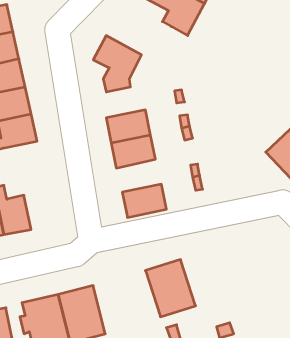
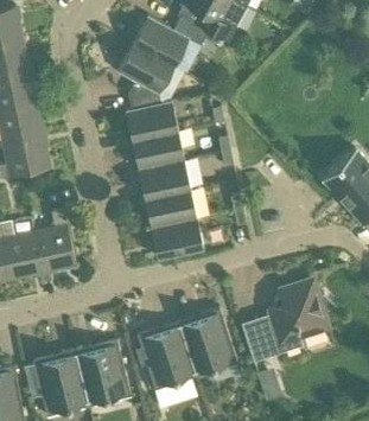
building: none -> [131,17,208,66]
building: none -> [123,102,177,141]
building: none -> [142,190,196,229]
building: none -> [33,210,75,273]
building: none -> [253,279,335,357]
building: none -> [134,321,195,390]

